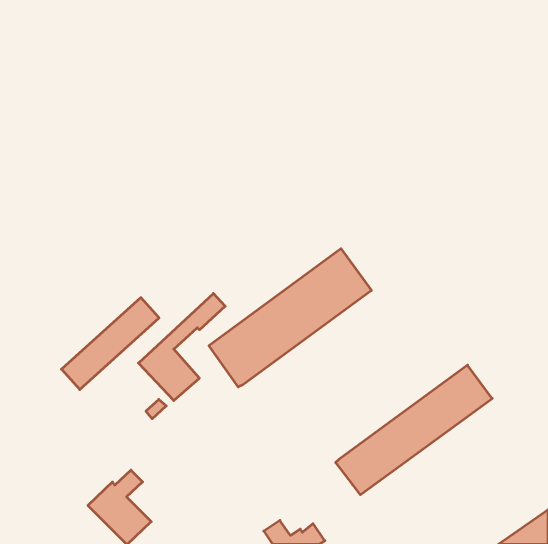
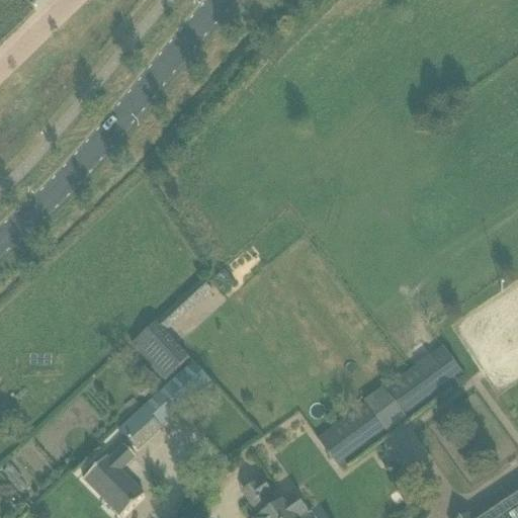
building: [209,249,371,387] -> none
building: [61,298,159,390] -> [118,360,210,447]

